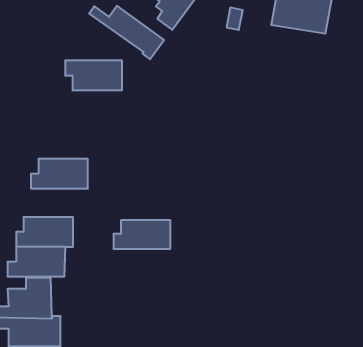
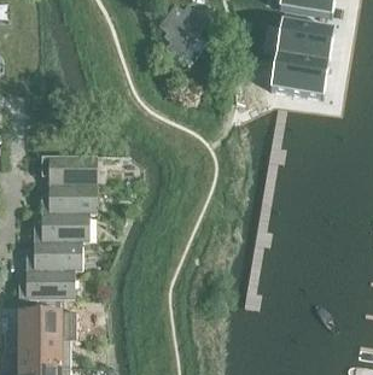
building: [89,6,164,59] -> none
building: none -> [268,54,327,98]
building: [65,61,122,90] -> [40,156,95,184]
building: [113,220,170,249] -> [33,213,88,241]

